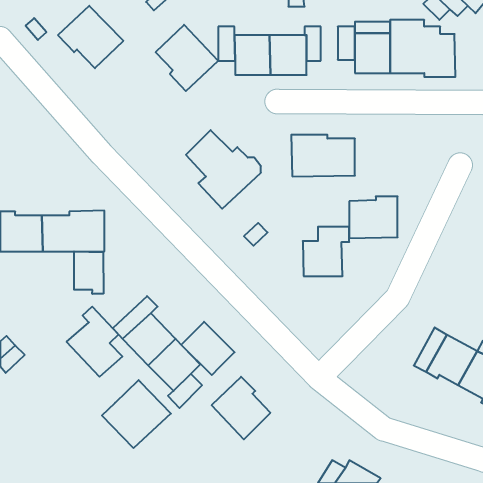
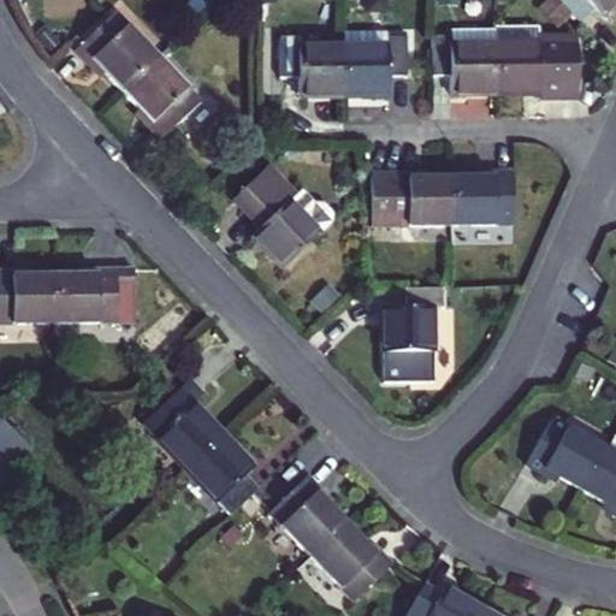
building: [156,25,218,91] -> [123,52,202,136]
building: [349,196,398,238] -> [452,170,514,223]
building: [74,251,103,294] -> none
building: none -> [387,350,437,380]
building: [67,307,122,377] -> none
building: [181,322,235,375] -> none
building: [102,380,171,448] -> none
building: none -> [312,523,392,602]

